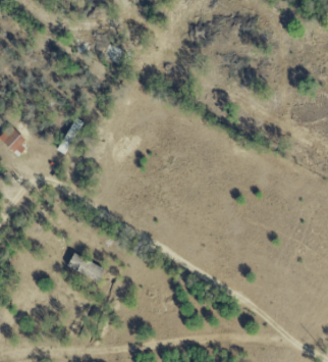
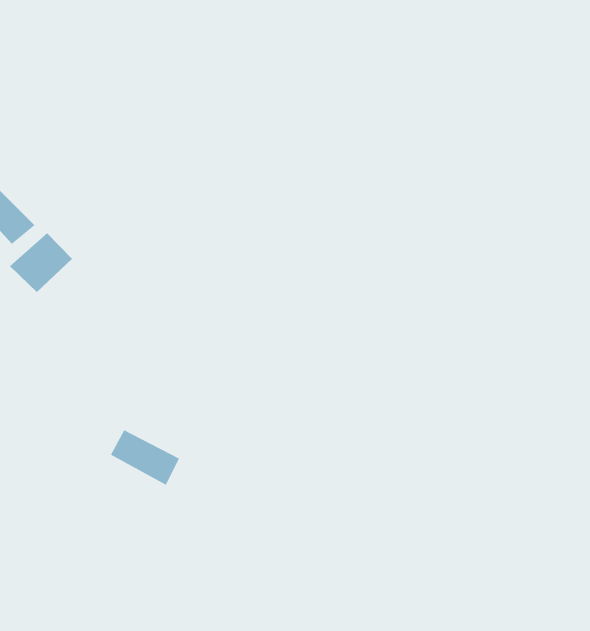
building: none -> [9,233,73,293]

